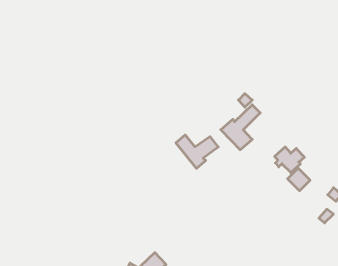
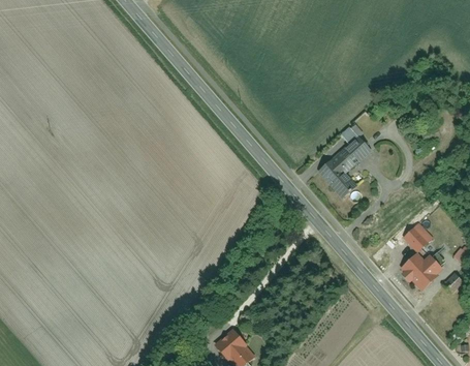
building: [176,135,218,168] -> none
building: [275,147,304,173] -> [403,252,441,285]

